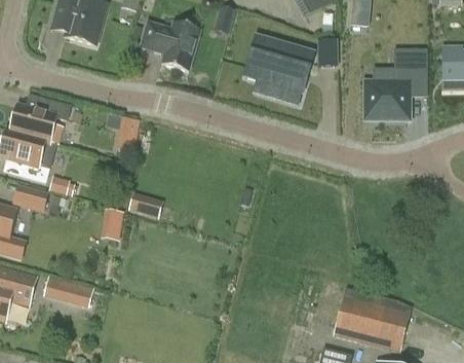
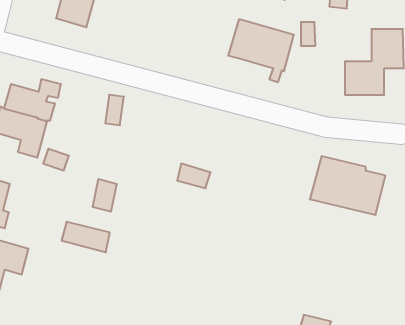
building: [140,22,200,71] -> none
building: [11,183,47,212] -> none
building: [127,191,162,217] -> [177,164,211,188]
building: [42,276,92,307] -> [62,222,110,252]
building: [331,291,410,353] -> [310,156,385,215]

